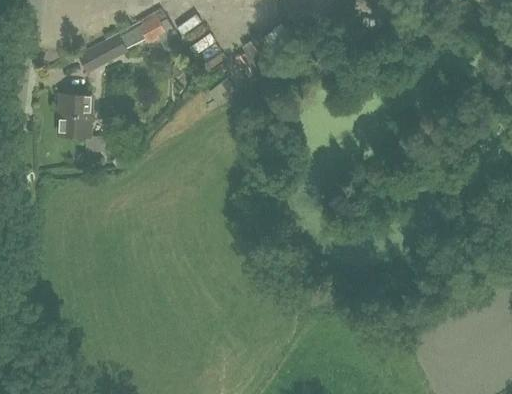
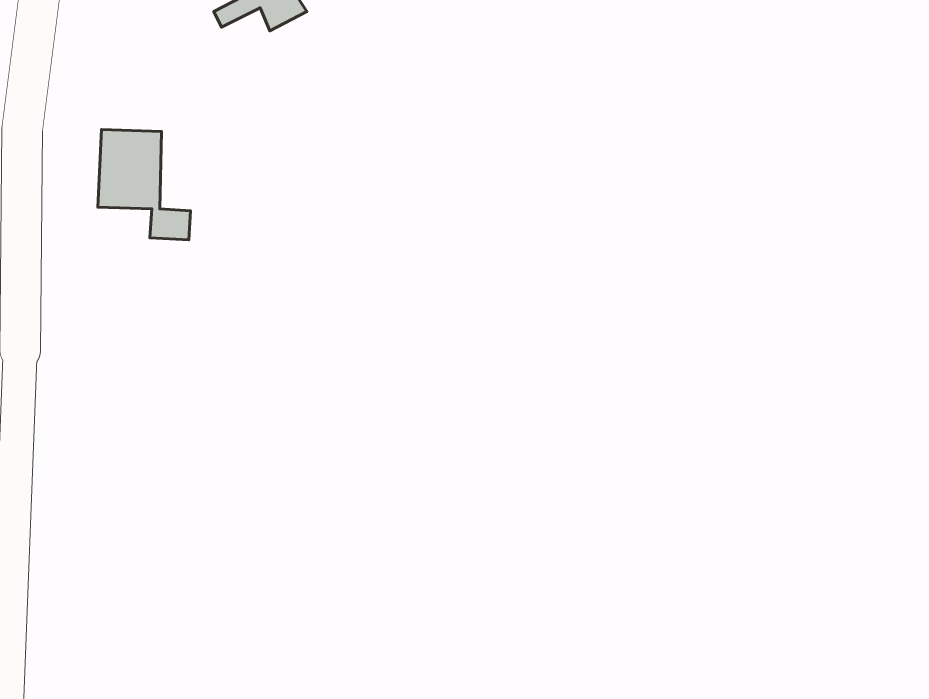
building: [78,33,128,73] -> none

